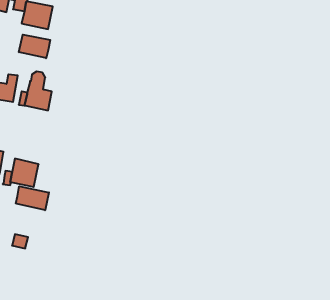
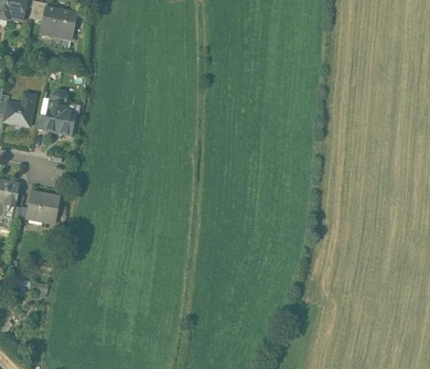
building: [19,35,50,58] -> none
building: [16,186,49,210] -> none

